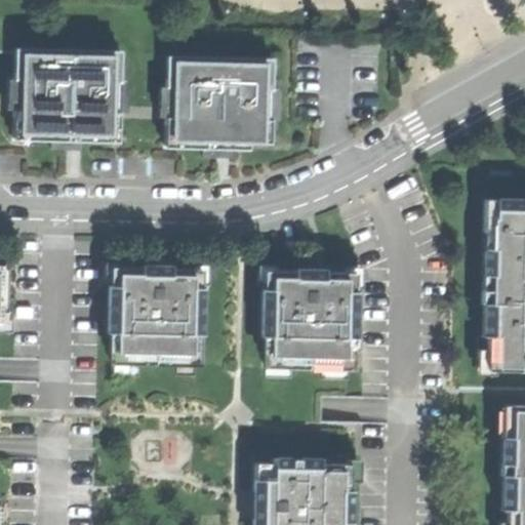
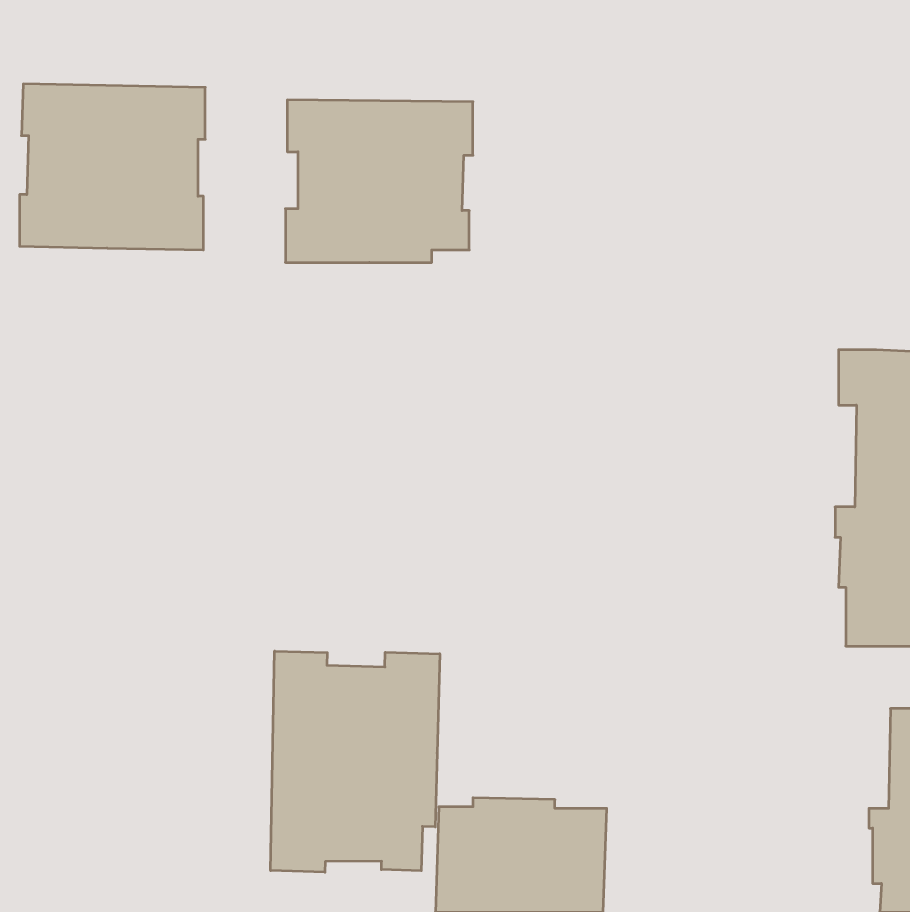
building: [108,268,202,366] -> none
building: [261,271,355,370] -> none
building: none -> [271,651,440,872]

